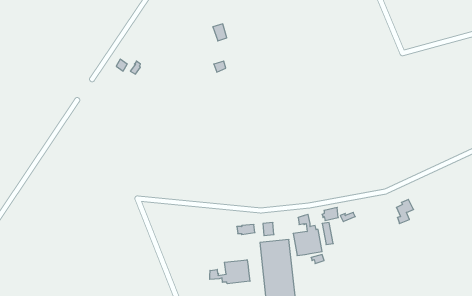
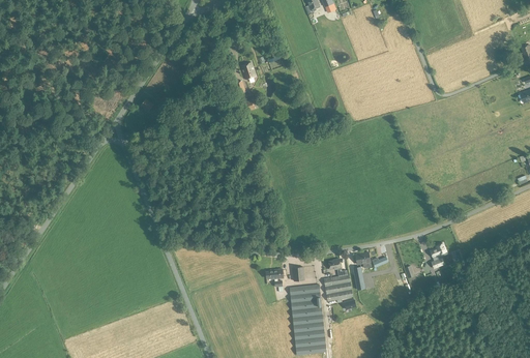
building: [210,260,250,284] -> none

